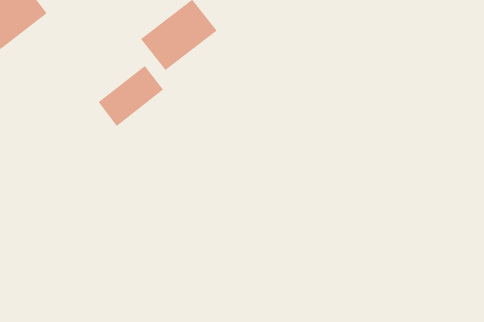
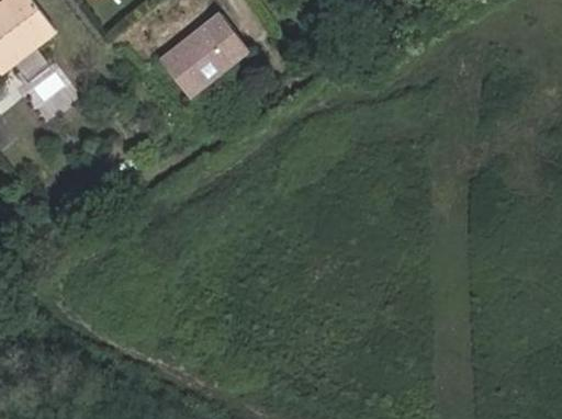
building: [98,65,164,127] -> none

